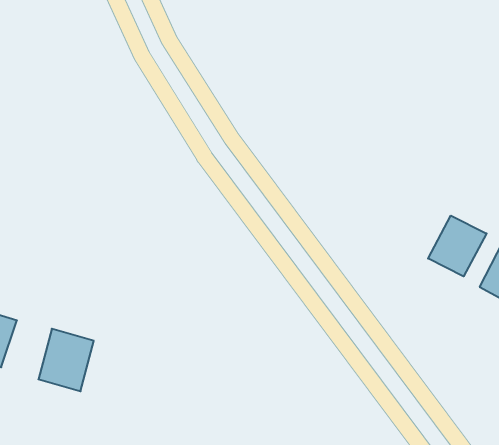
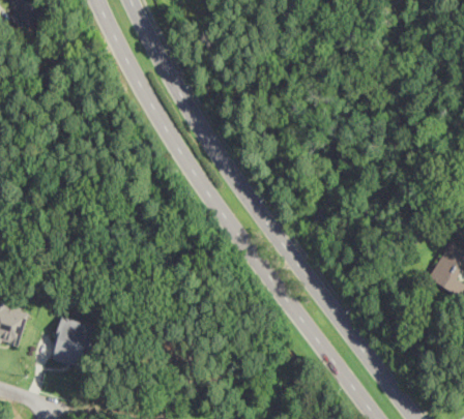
building: [428,216,487,276] -> none

